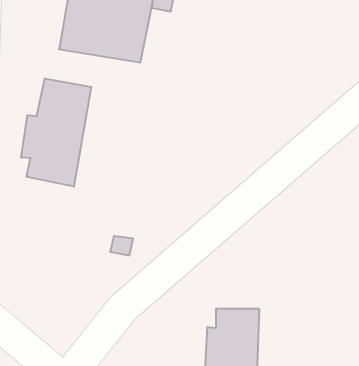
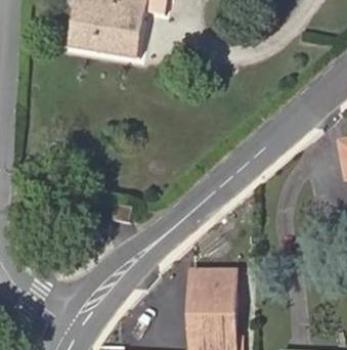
building: [21,78,91,187] -> none

